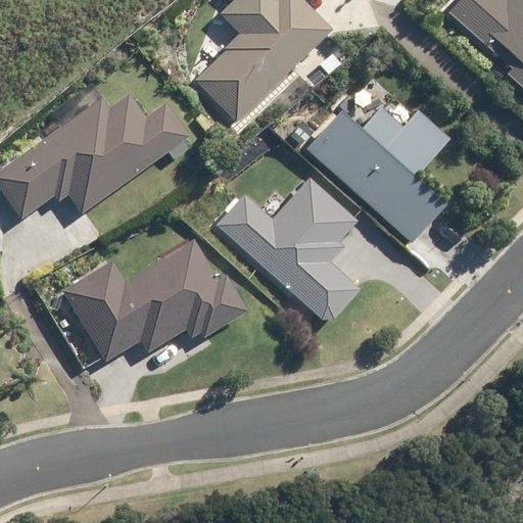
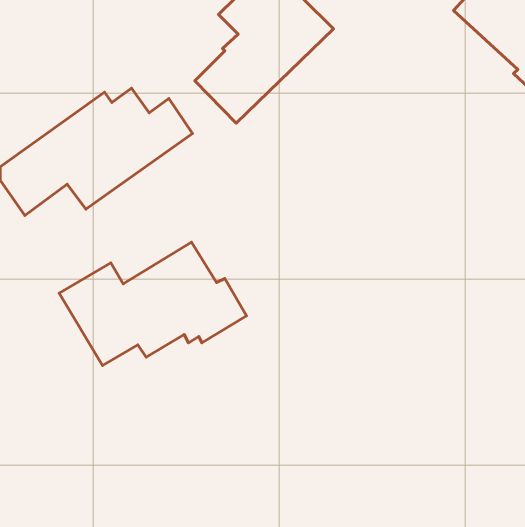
building: [305,107,449,243] -> none
building: [218,178,362,320] -> none

